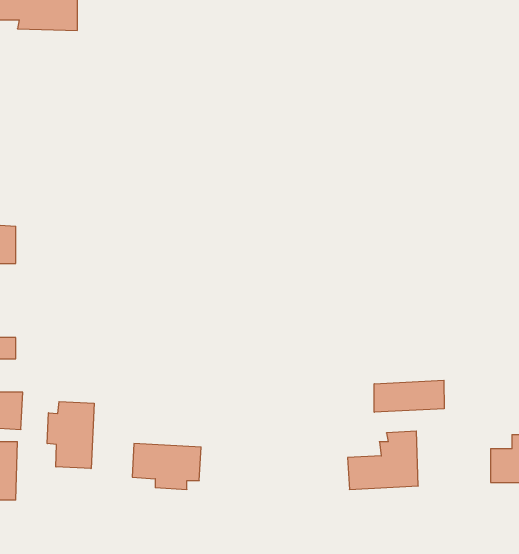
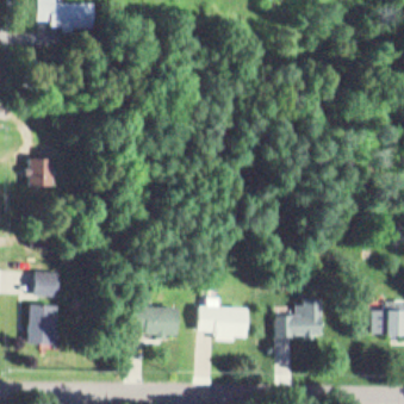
building: [374,380,444,412] -> none
building: [47,402,94,469] -> none
building: none -> [197,296,248,341]

